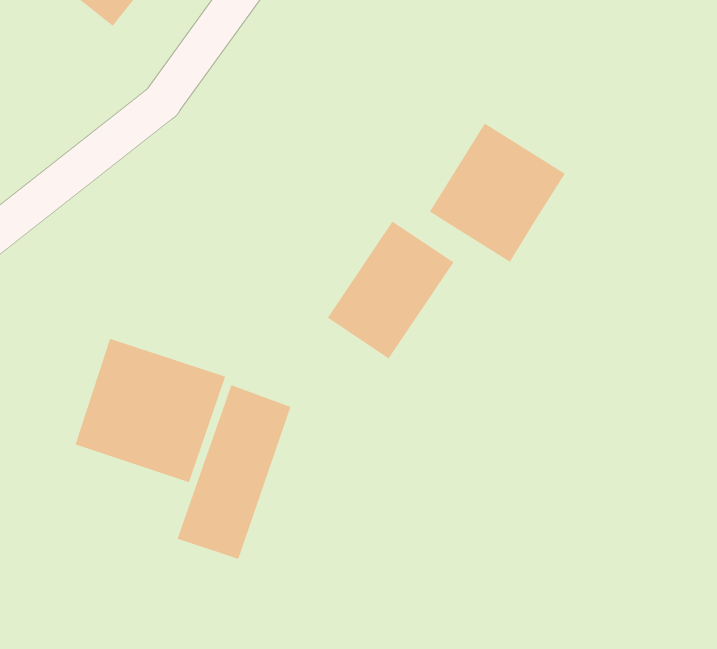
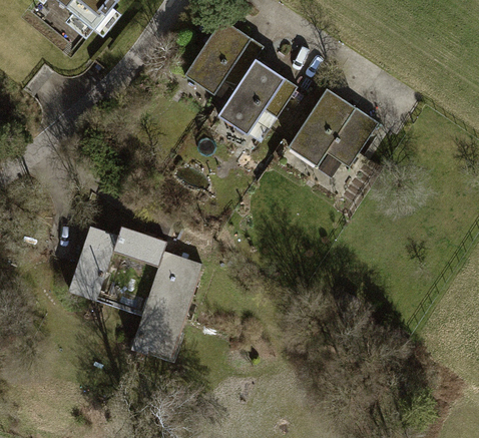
building: none -> [184,18,252,96]
building: [327,221,454,359] -> [215,57,296,144]

